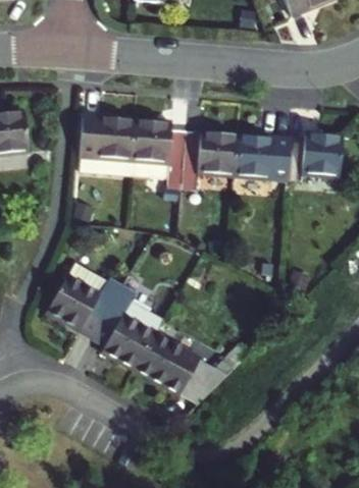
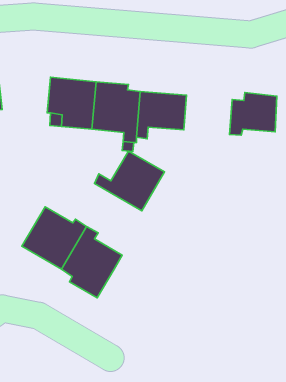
building: [234,134,289,179] -> none
building: none -> [95,151,164,211]
building: [135,333,228,403] -> none

